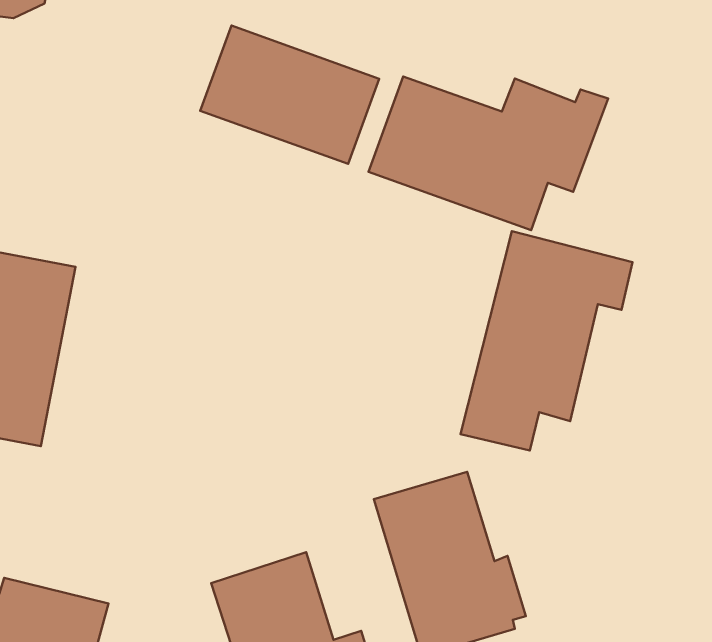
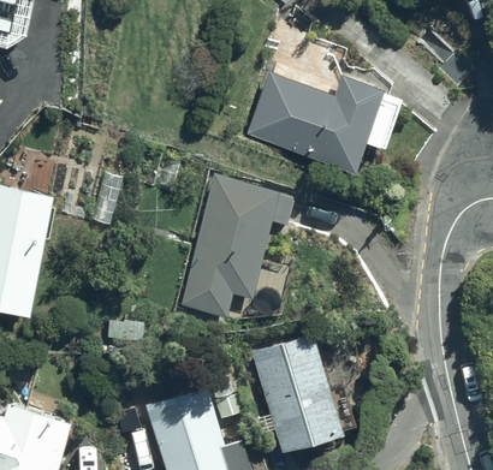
building: [200,26,379,164] -> none
building: [460,231,632,451] -> [179,175,292,320]

